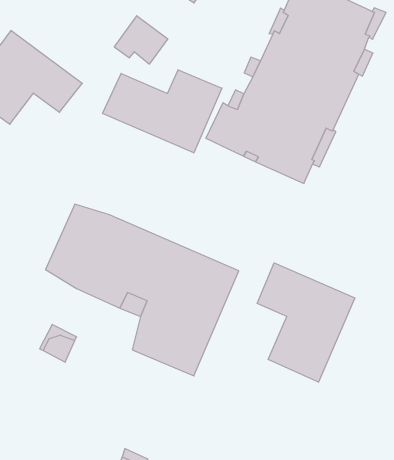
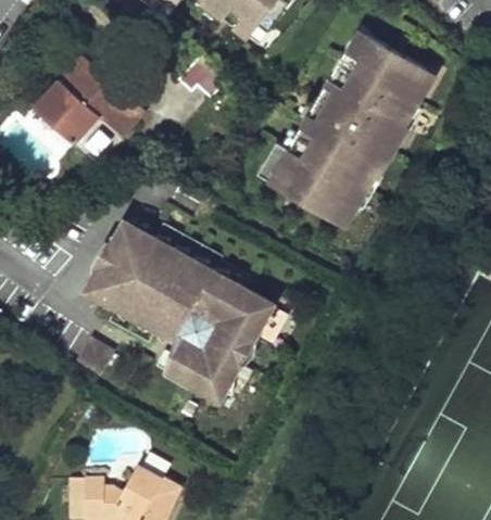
building: [103,70,222,153] -> none
building: [257,263,355,382] -> none

